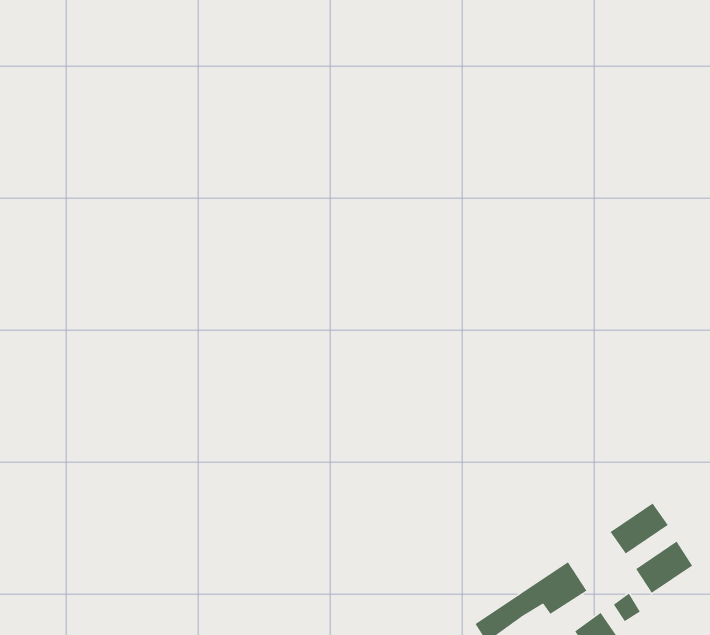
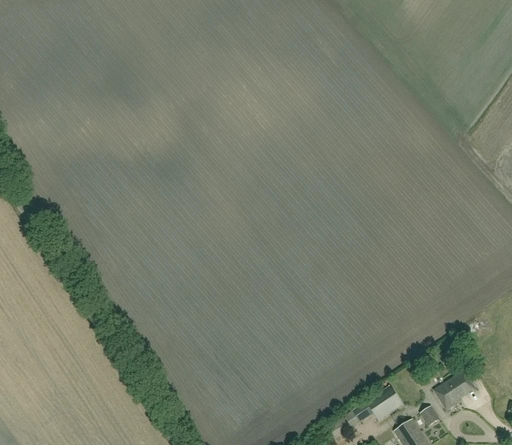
building: [609,503,669,555] -> none

